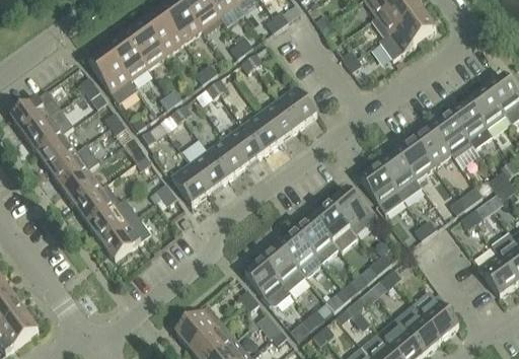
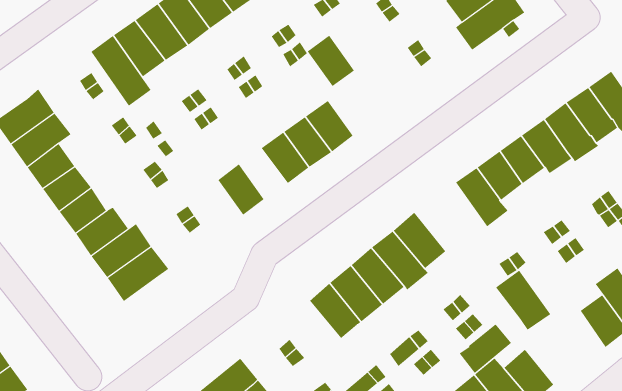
building: [278,85,316,127] -> [307,35,355,87]
building: [207,137,245,177] -> none
building: [170,162,210,204] -> none
building: [360,164,404,213] -> [495,270,551,331]
building: [244,259,290,305] -> none
building: none -> [459,324,512,374]

